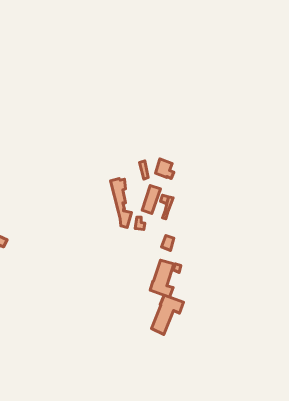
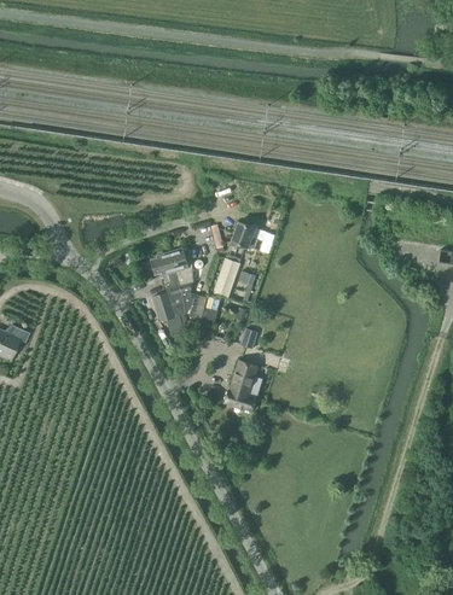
building: none -> [151,252,185,334]
building: [152,295,183,334] -> none

